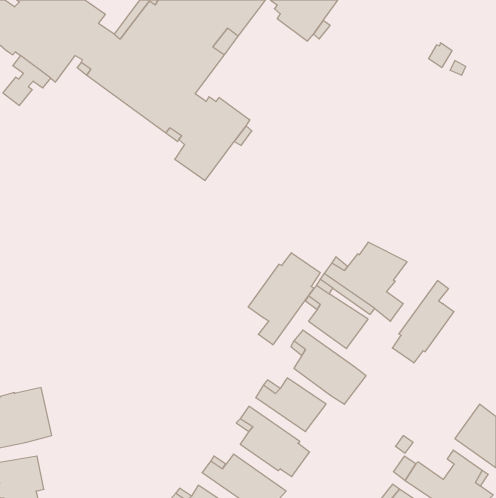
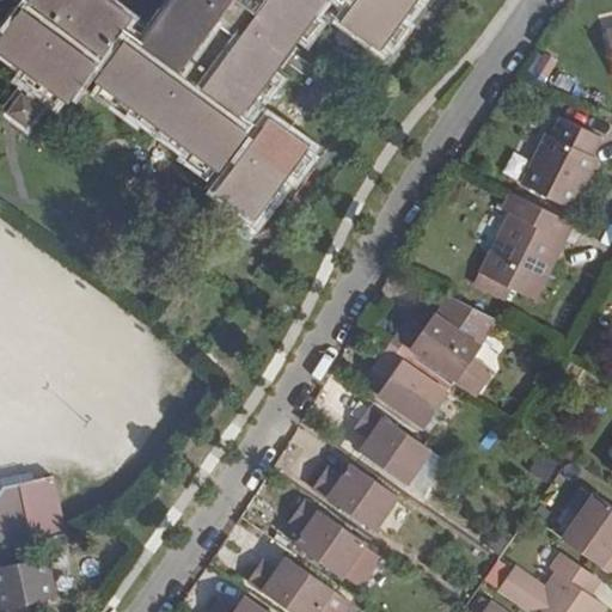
building: none -> [518,117,594,207]
building: none -> [477,191,570,299]
building: [248,253,320,345] -> none
building: [392,281,454,363] -> none

